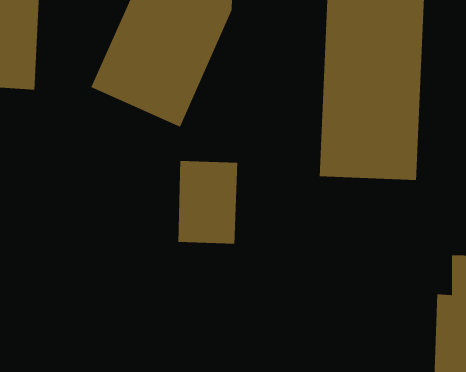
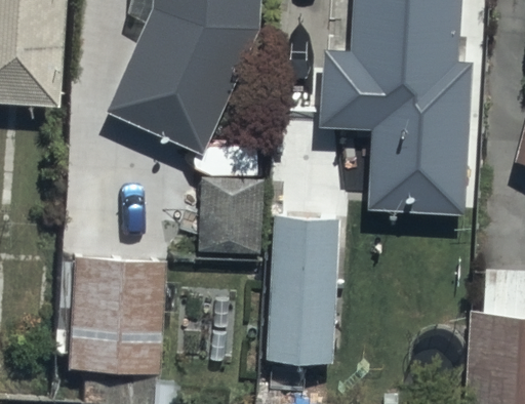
building: none -> [268,220,340,367]
building: none -> [70,262,158,374]

